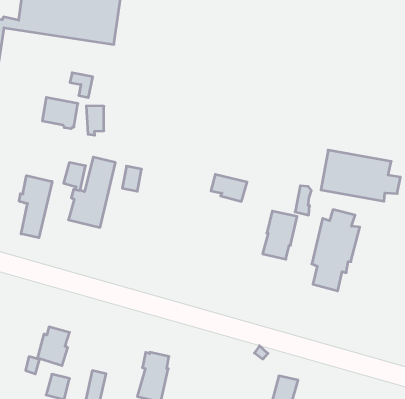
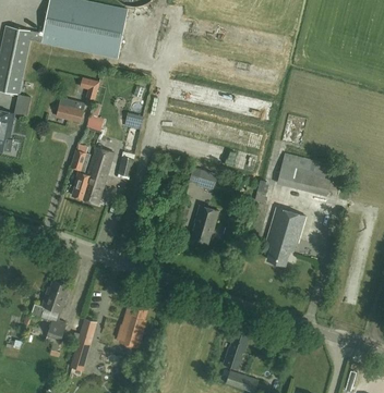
building: [19,176,52,238] -> none
building: [263,211,297,259] -> [189,205,218,244]

